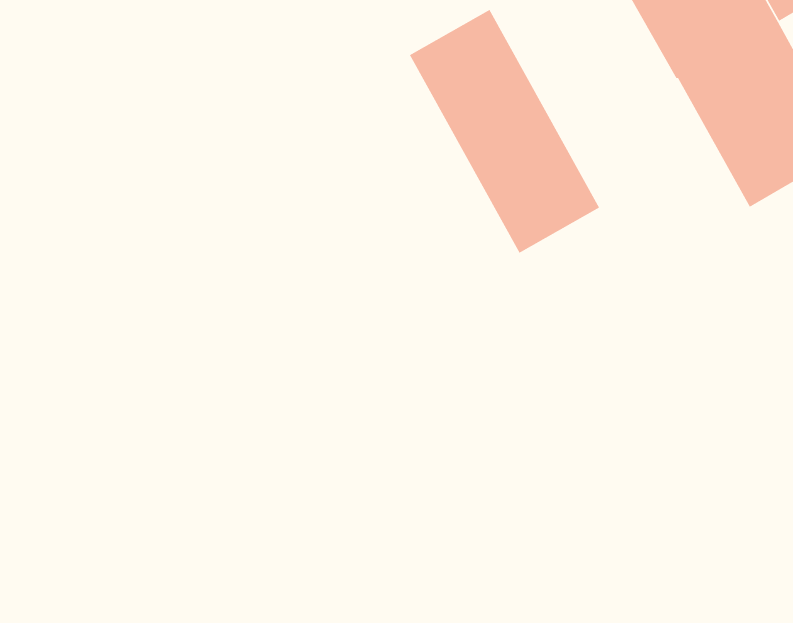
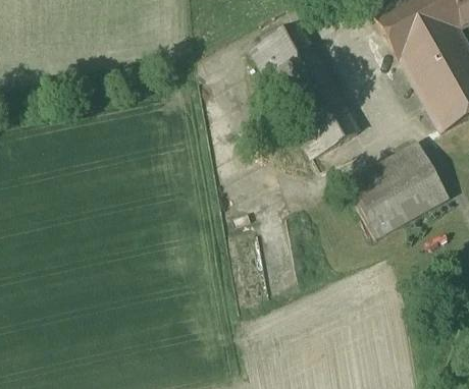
building: none -> [346,143,449,236]

